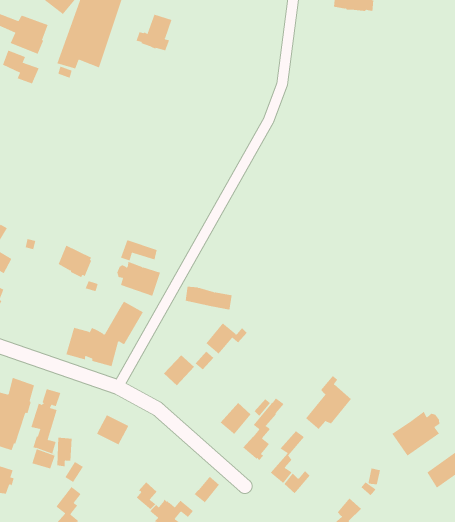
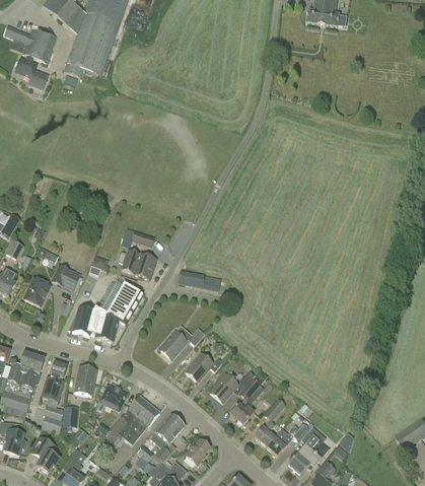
building: [136,14,172,51] -> none
building: [58,245,92,278] -> [51,262,81,291]
building: none -> [23,276,51,305]
building: [205,323,247,354] -> [185,352,222,380]
building: [305,375,352,430] -> [287,425,329,474]
building: none -> [73,364,96,395]
building: [392,411,440,457] -> none
building: none -> [101,395,160,448]
building: none -> [150,413,185,462]
building: none -> [32,433,59,472]

